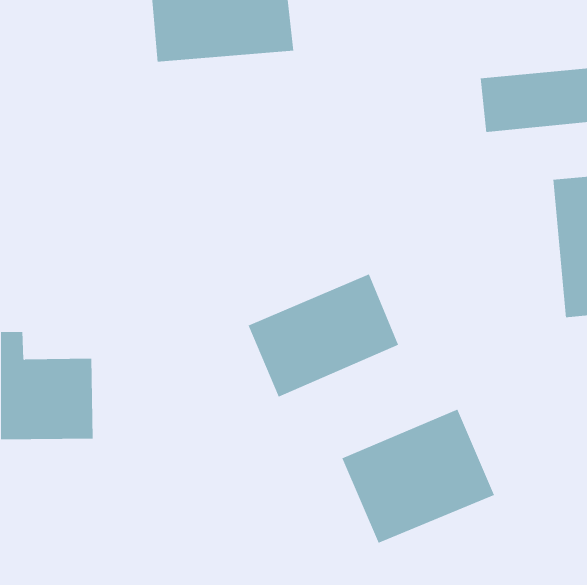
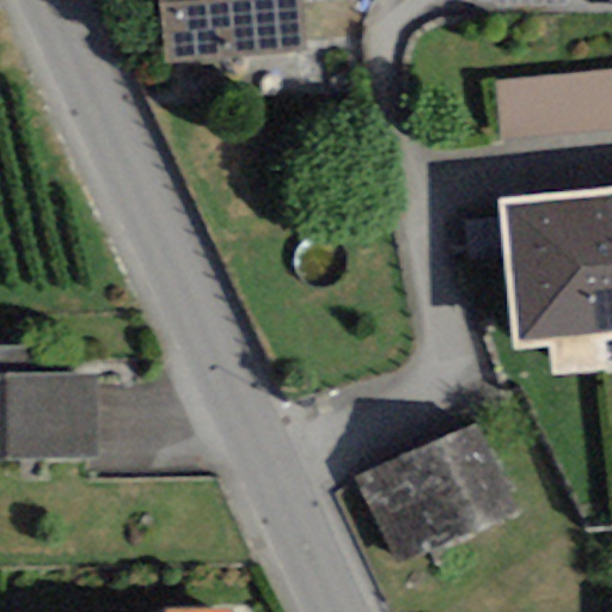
building: none -> [498,186,588,337]
building: [248,274,399,397] -> none

